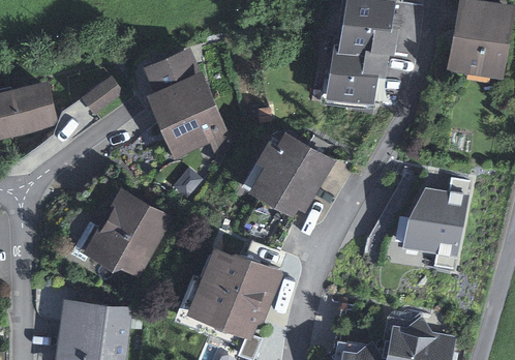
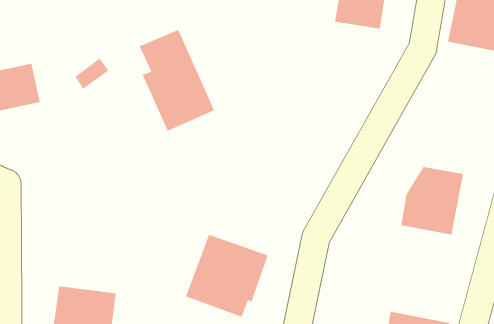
building: [327,50,378,100] -> none
building: [252,132,332,212] -> none
building: [91,194,164,274] -> none

